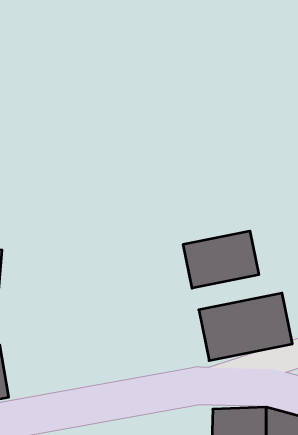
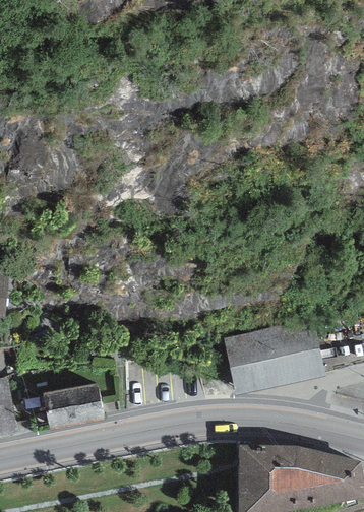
building: [183,231,259,288] -> none
building: none -> [43,383,105,430]

